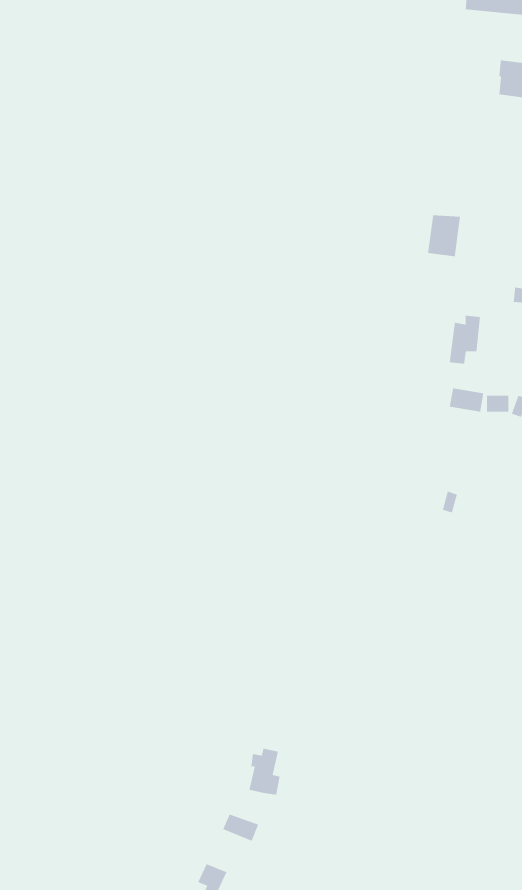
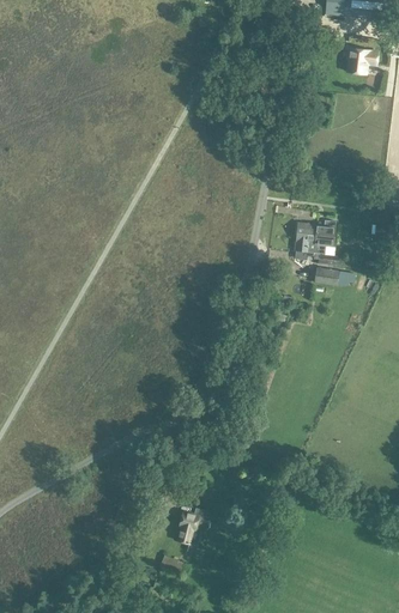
building: [427,214,461,257] -> [295,224,318,253]

